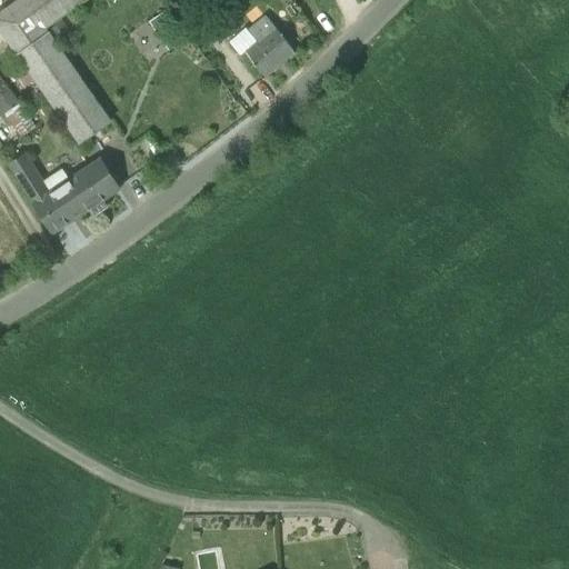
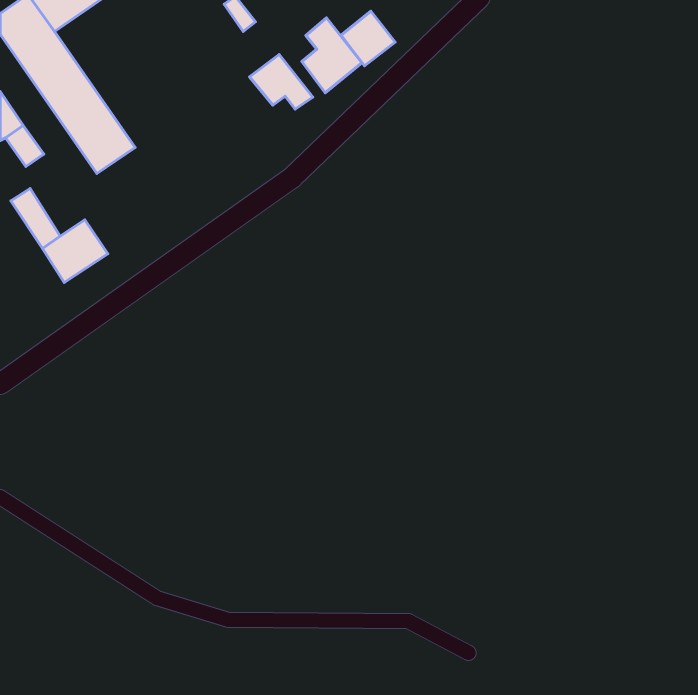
building: none -> [341,11,395,66]
building: none -> [249,54,313,109]
building: [69,159,118,207] -> none

